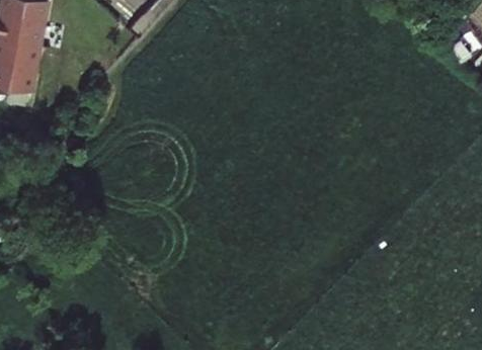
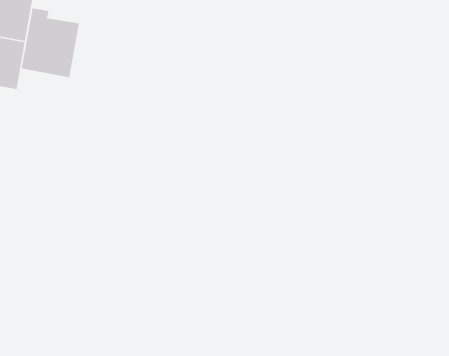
building: none -> [21,7,80,78]

